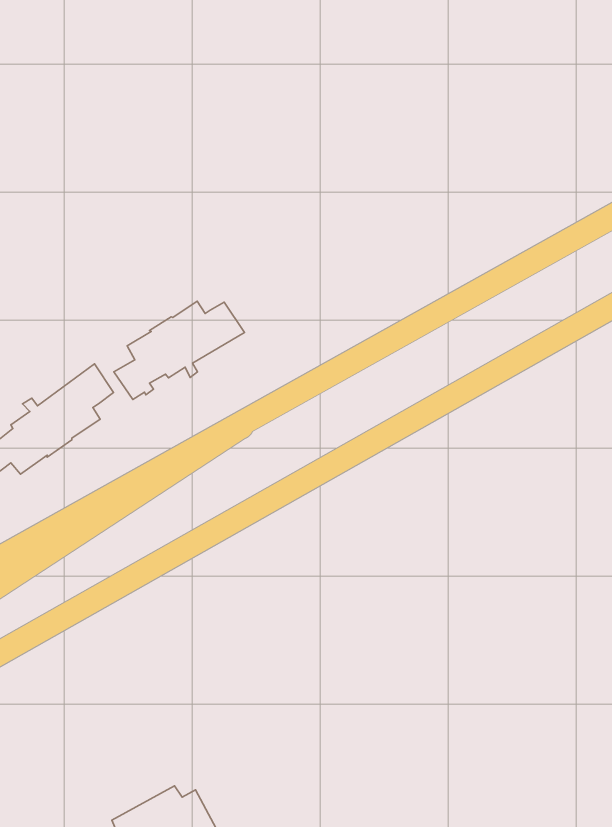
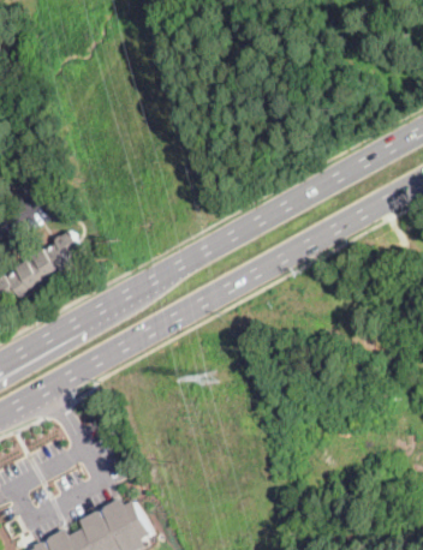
building: [114,301,244,400] -> none

